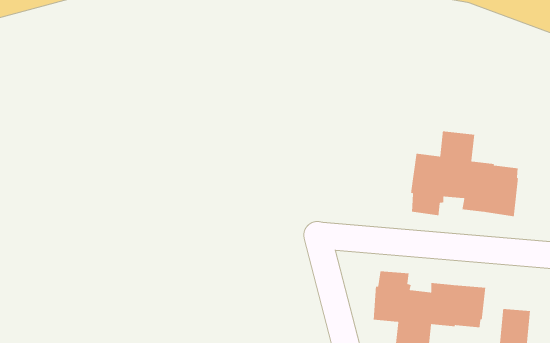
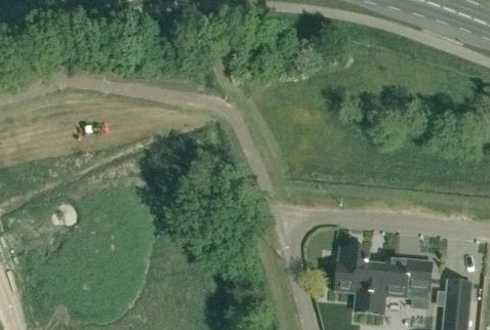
building: [410,131,519,217] -> none

